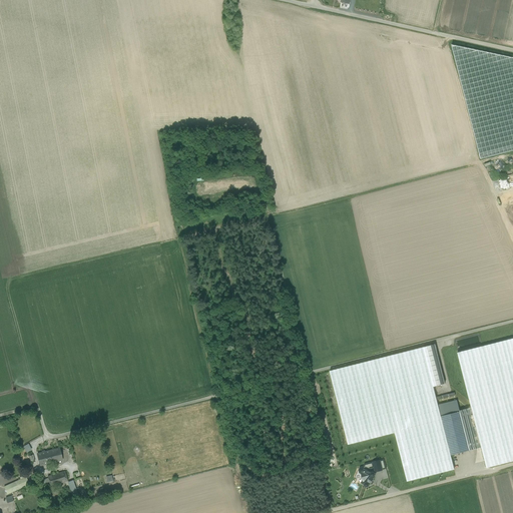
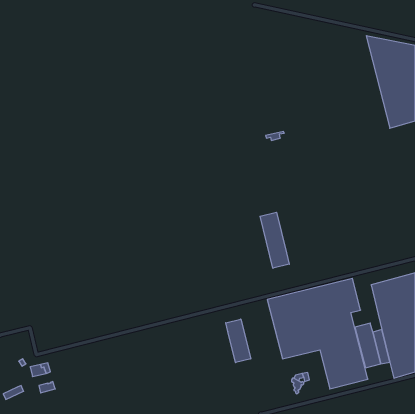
building: none -> [260,212,289,268]
building: none -> [226,319,251,363]

